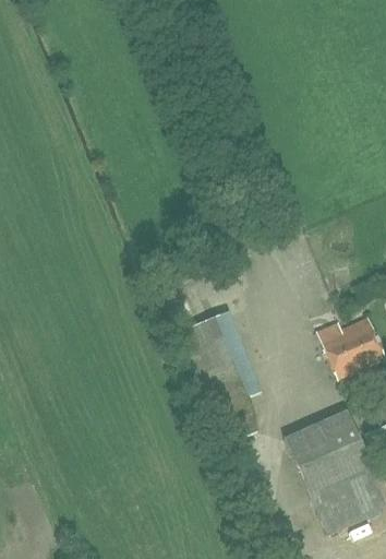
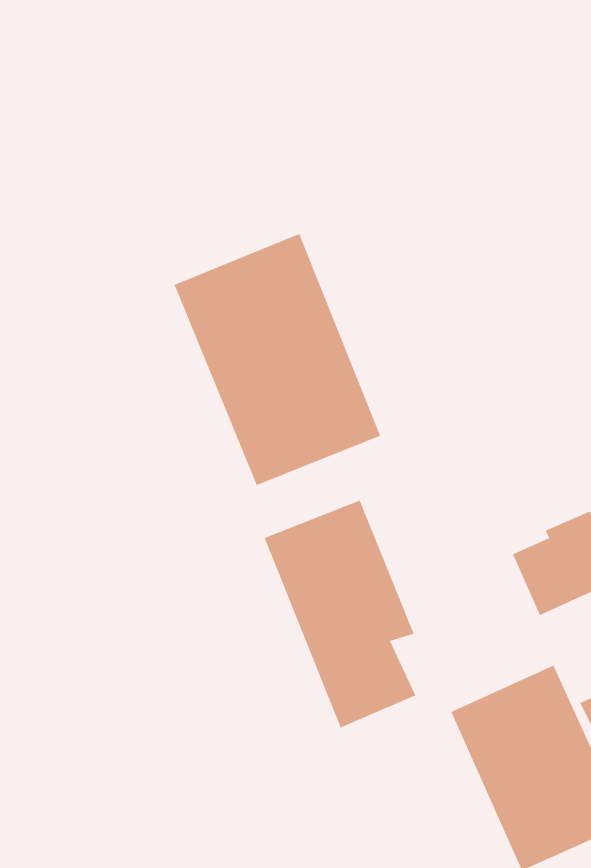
building: none -> [174,233,381,486]

